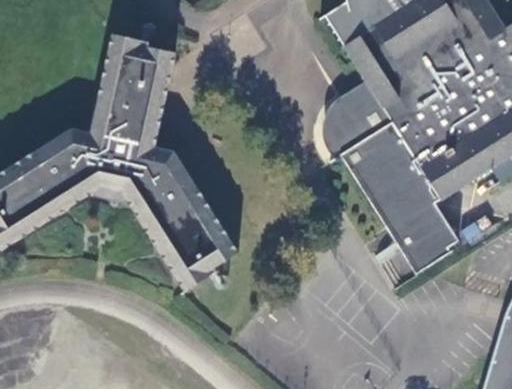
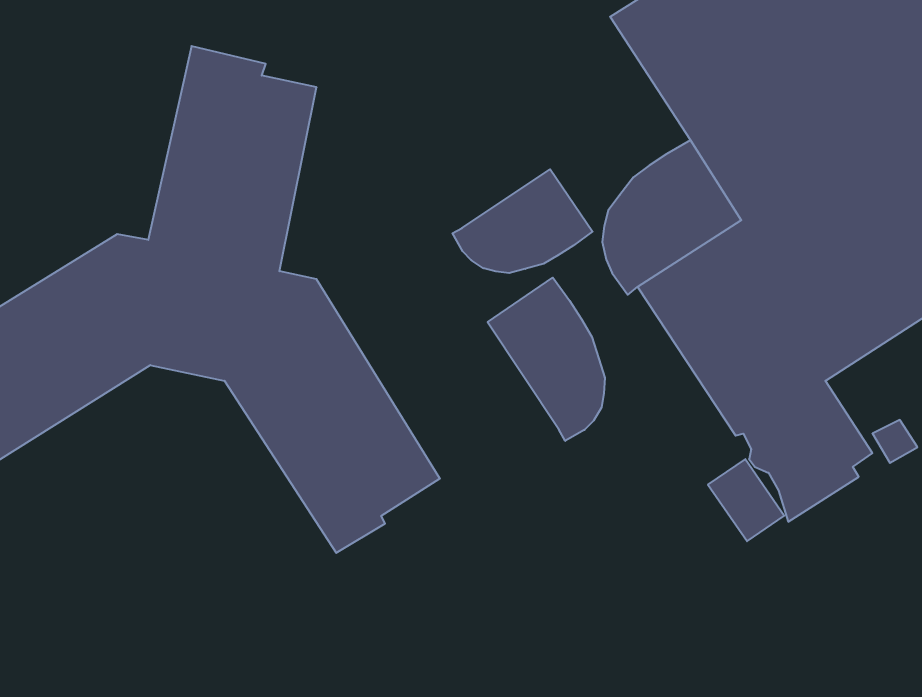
building: none -> [452,169,593,273]
building: none -> [488,278,605,441]

